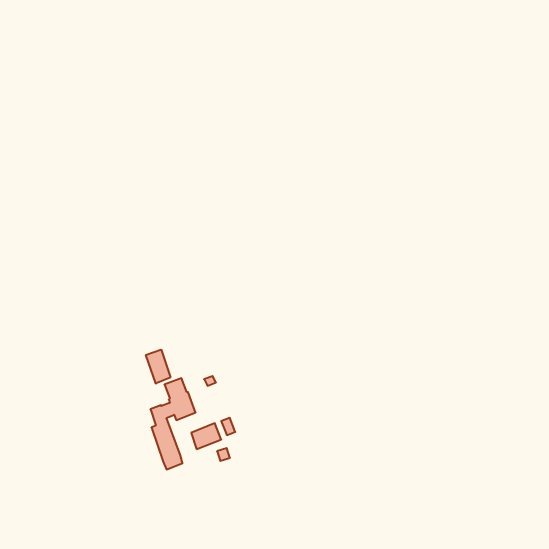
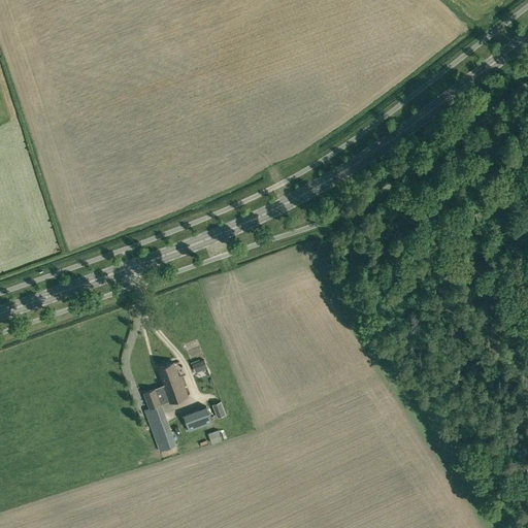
building: [146,350,170,384] -> none

